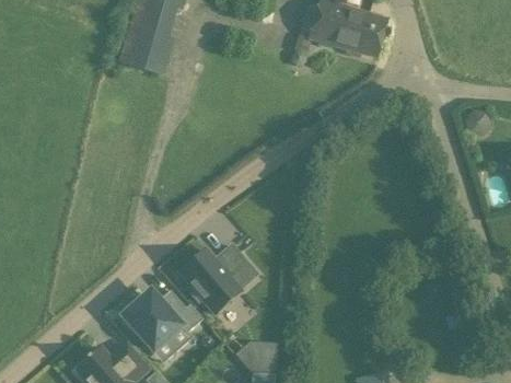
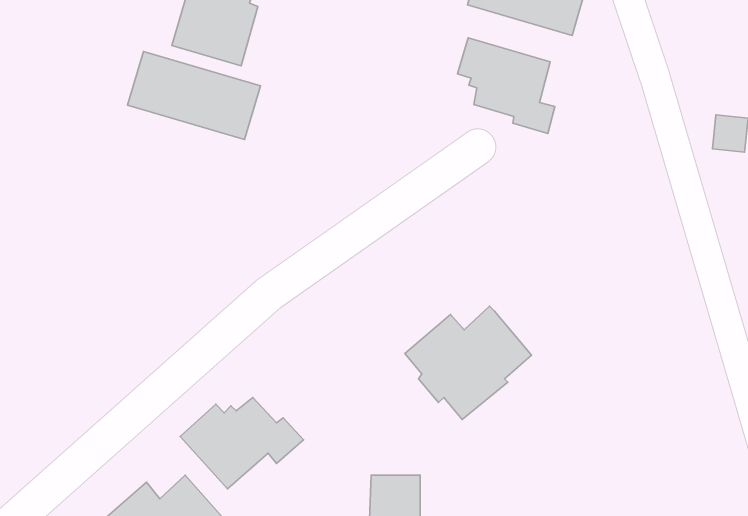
building: none -> [458,38,555,133]
building: none -> [127,52,260,139]
building: [176,242,258,315] -> [405,306,532,419]

